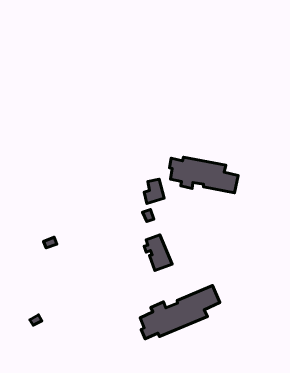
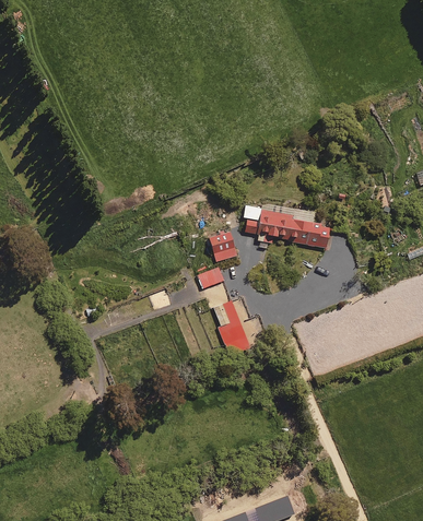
building: [140,286,220,339] -> none

